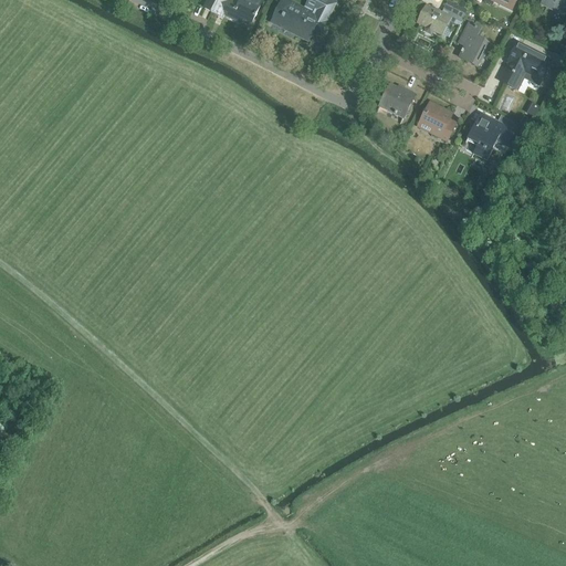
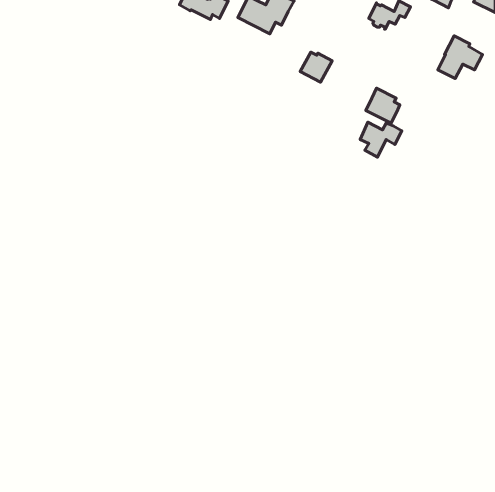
building: [459,21,488,65] -> none
building: [378,83,415,117] -> [300,52,332,82]
building: [467,119,514,159] -> [360,122,402,157]

